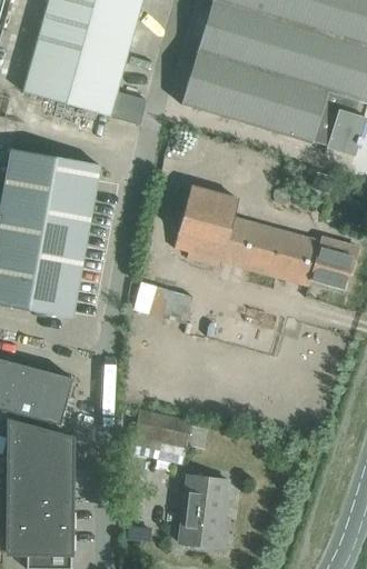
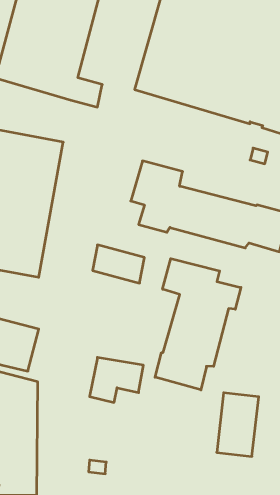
building: none -> [155,259,241,390]
building: [180,475,228,547] -> [217,393,259,456]

